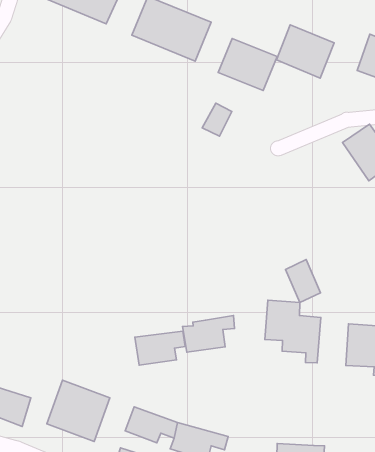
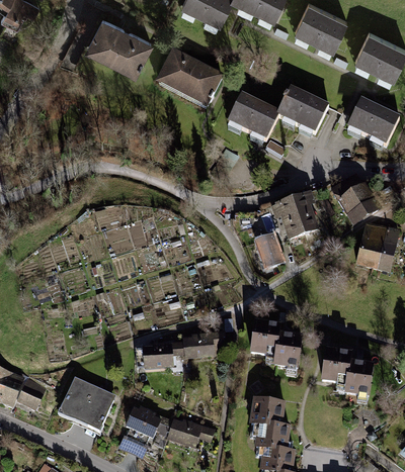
building: none -> [270,190,320,242]
building: [286,260,320,303] -> [250,232,278,269]
building: none -> [248,395,290,447]

